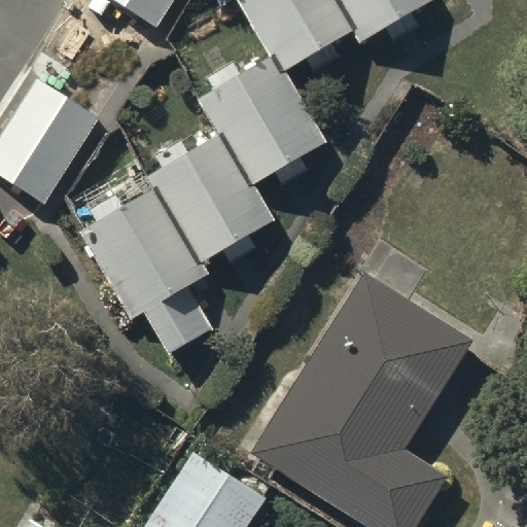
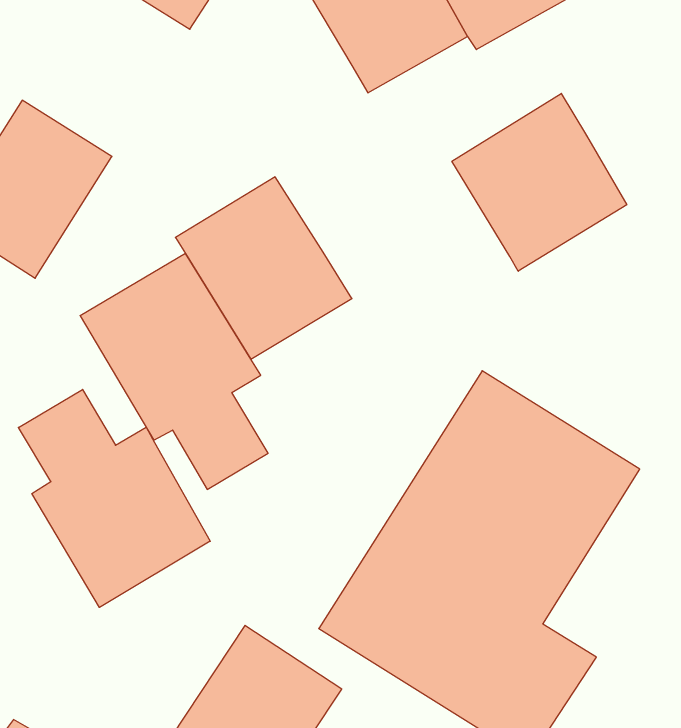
building: [197,52,324,185] -> none
building: none -> [452,93,627,271]
building: none -> [18,389,210,607]

